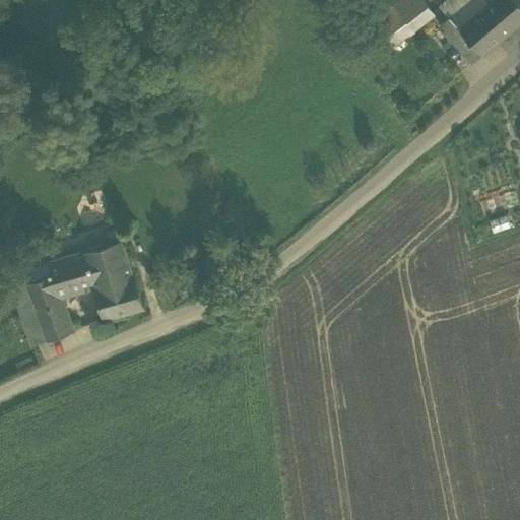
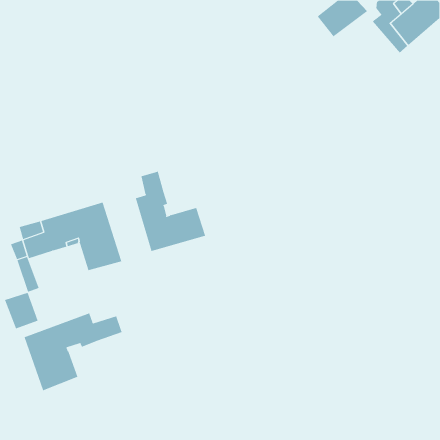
building: none -> [135,171,206,252]
building: [34,297,74,340] -> [4,292,39,329]
building: none -> [24,313,122,391]

